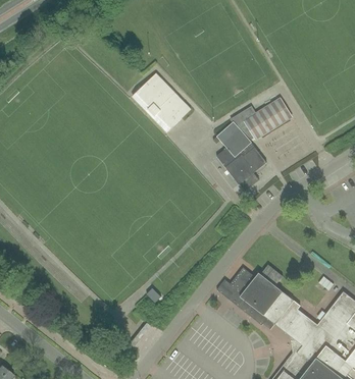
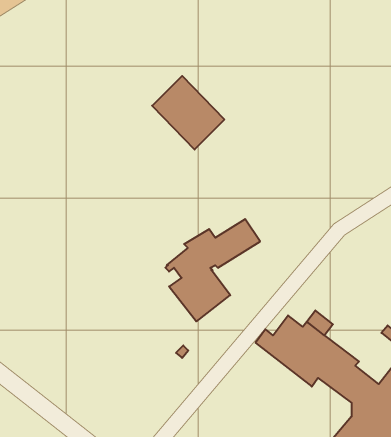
building: [213,101,291,184] -> [165,219,260,321]

